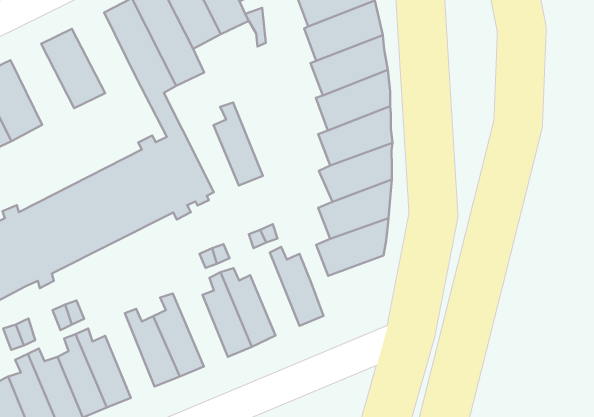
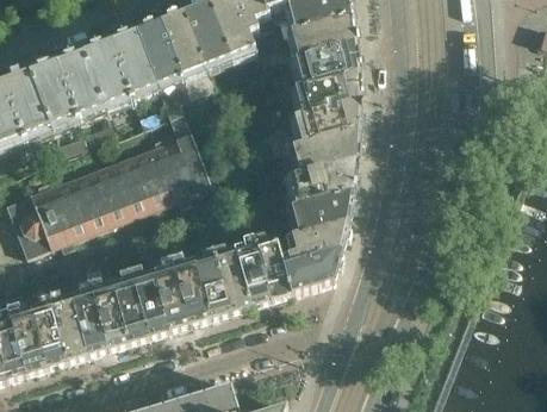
building: none -> [106,29,154,94]
building: none -> [54,49,101,114]
building: [213,102,263,186] -> [230,237,266,305]
building: none -> [279,249,340,293]
building: none -> [166,258,205,324]
building: none -> [107,274,143,343]

